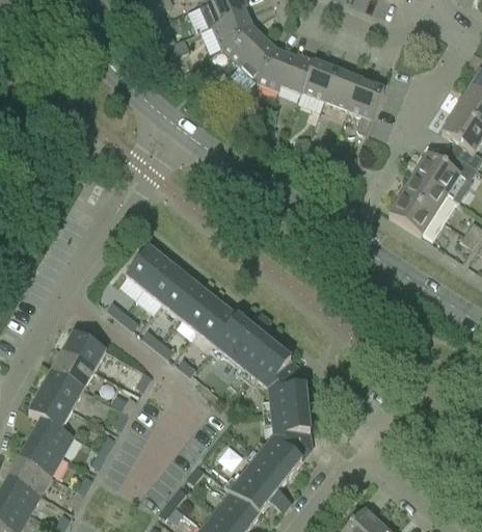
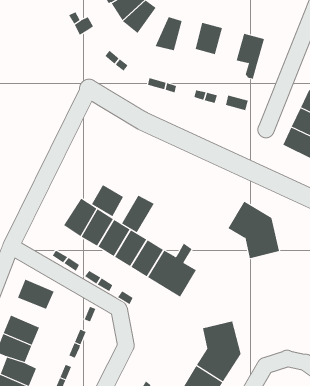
building: [239,36,276,80] -> none
building: [278,53,314,92] -> none
building: [325,69,360,108] -> none
building: none -> [91,184,124,217]
building: none -> [121,195,155,233]
building: [250,344,307,411] -> [227,201,280,259]
building: [52,350,95,388] -> none

